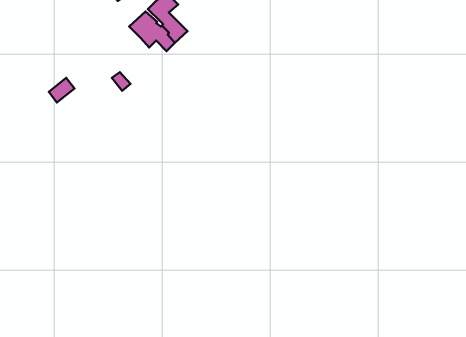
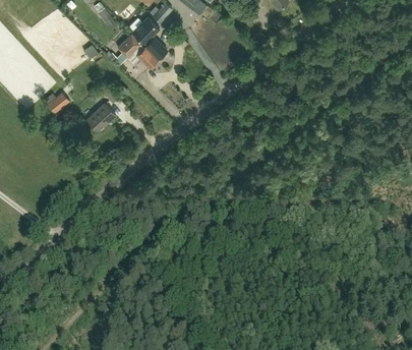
building: none -> [87,104,116,131]

